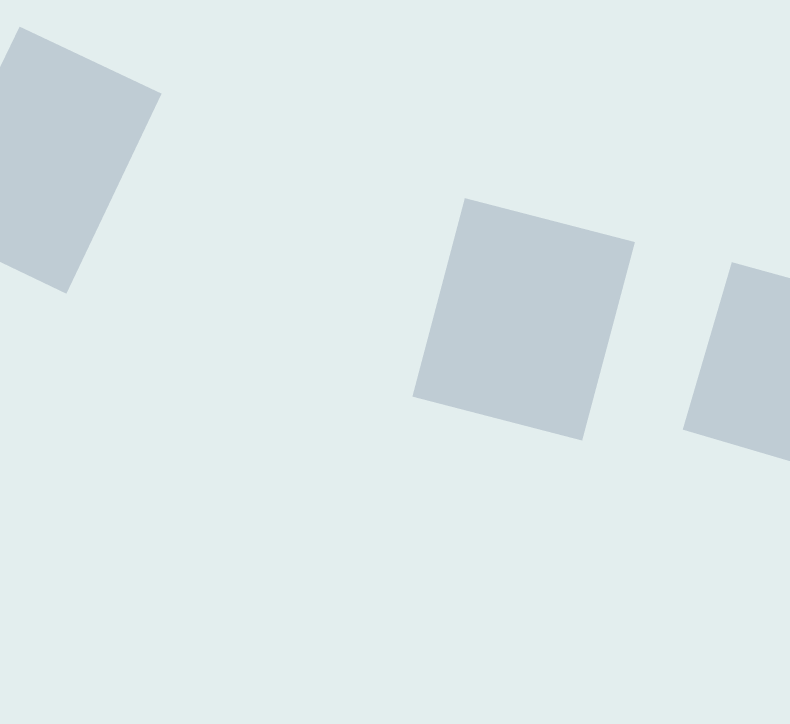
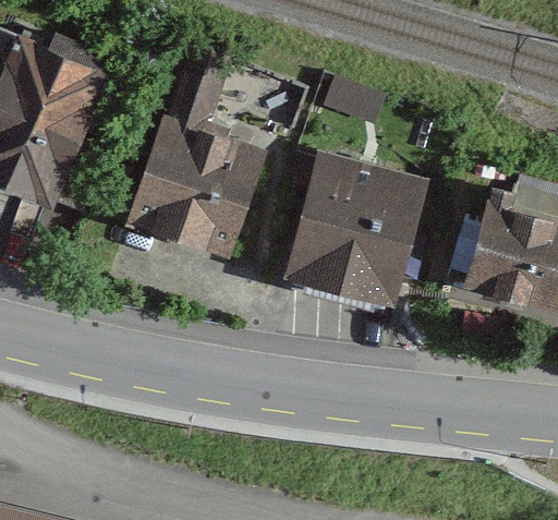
building: none -> [124,35,270,262]

